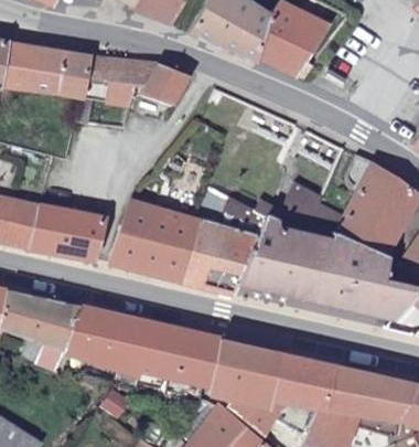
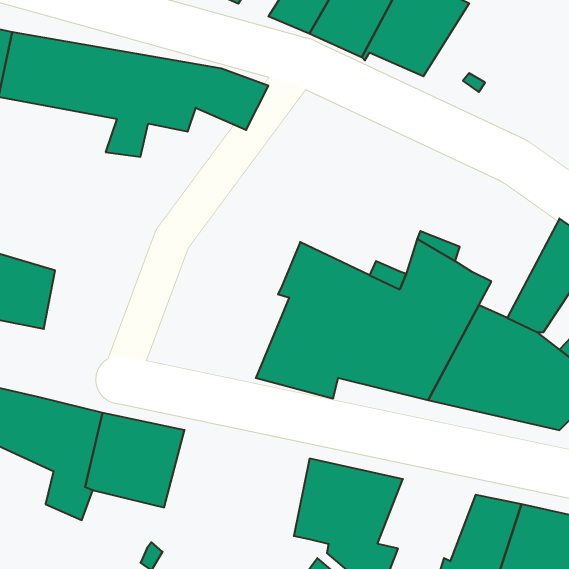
building: [336,150,393,241] -> none
building: [112,204,204,283] -> none
building: [33,207,96,262] -> none
building: [117,319,213,385] -> none
building: [266,353,334,411] -> none

